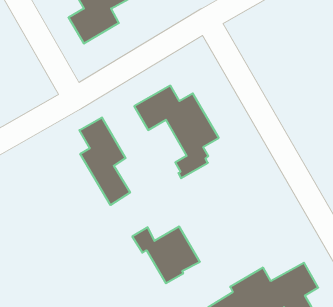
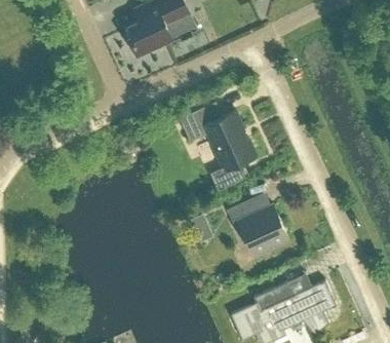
building: [79,117,130,205] -> none
building: [132,227,200,283] -> [228,203,289,258]

